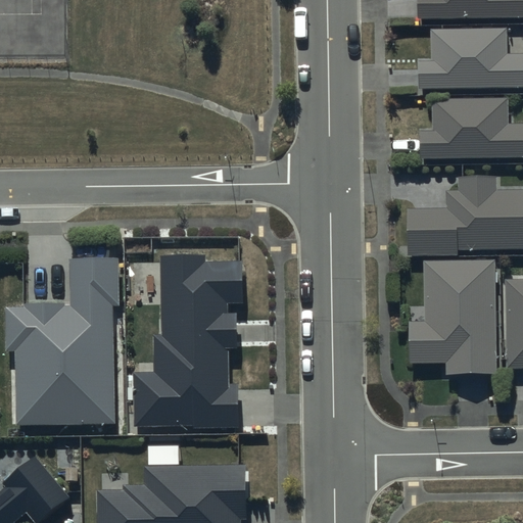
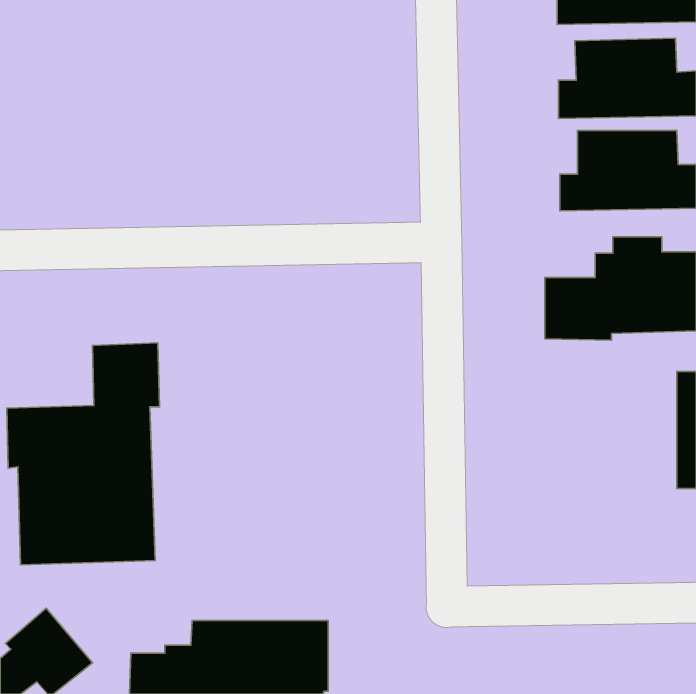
building: [135,256,274,427] -> none
building: [410,259,497,374] -> none

